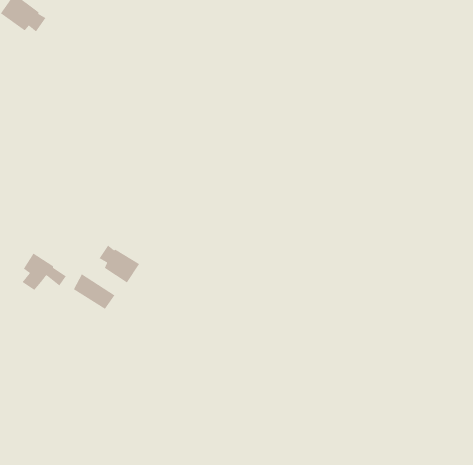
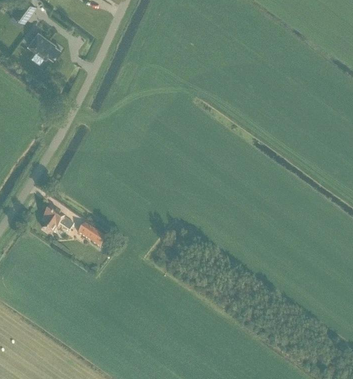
building: [99,245,140,284] -> none

